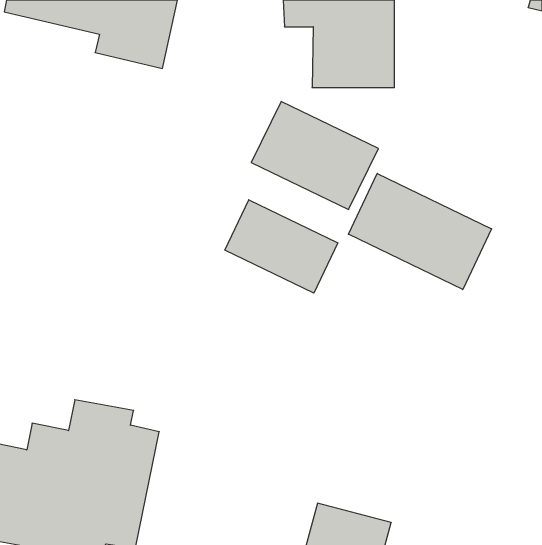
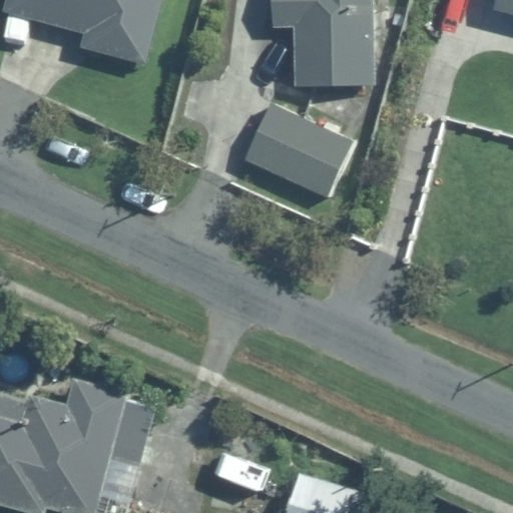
building: [348,173,492,290] -> none
building: [225,200,338,293] -> none

